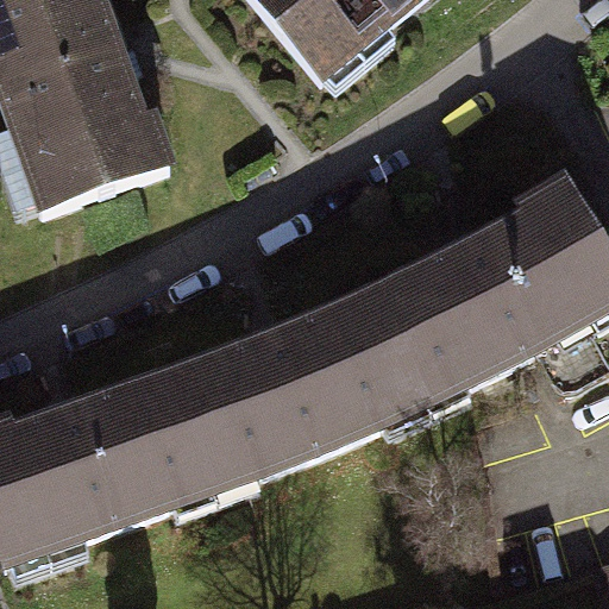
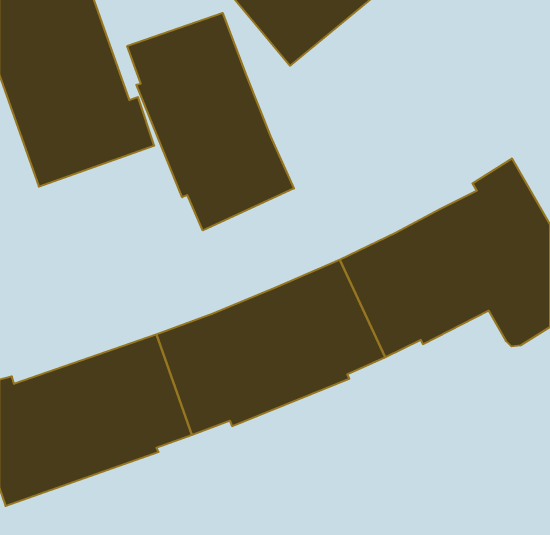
building: none -> [127,13,294,230]

